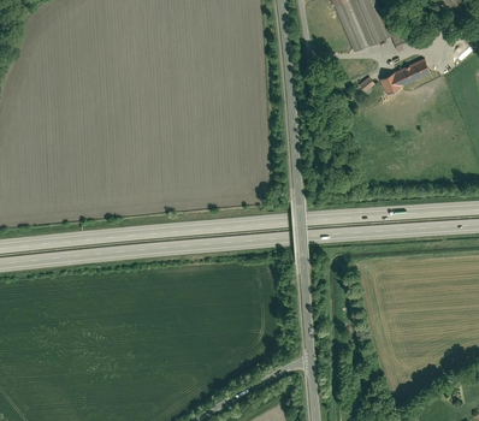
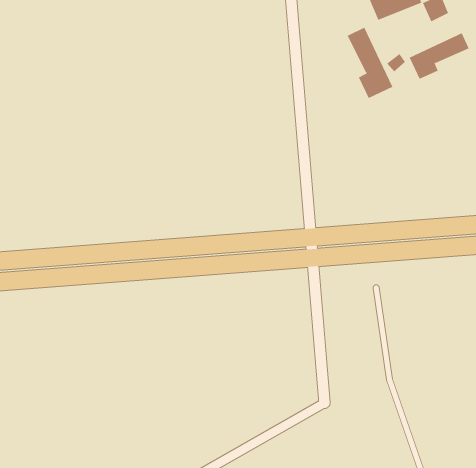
building: none -> [347,27,393,99]

